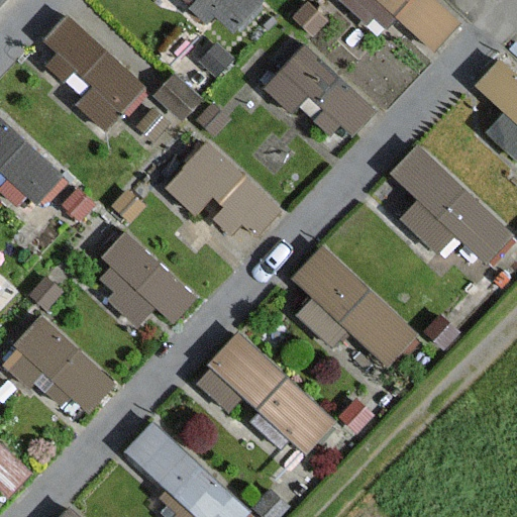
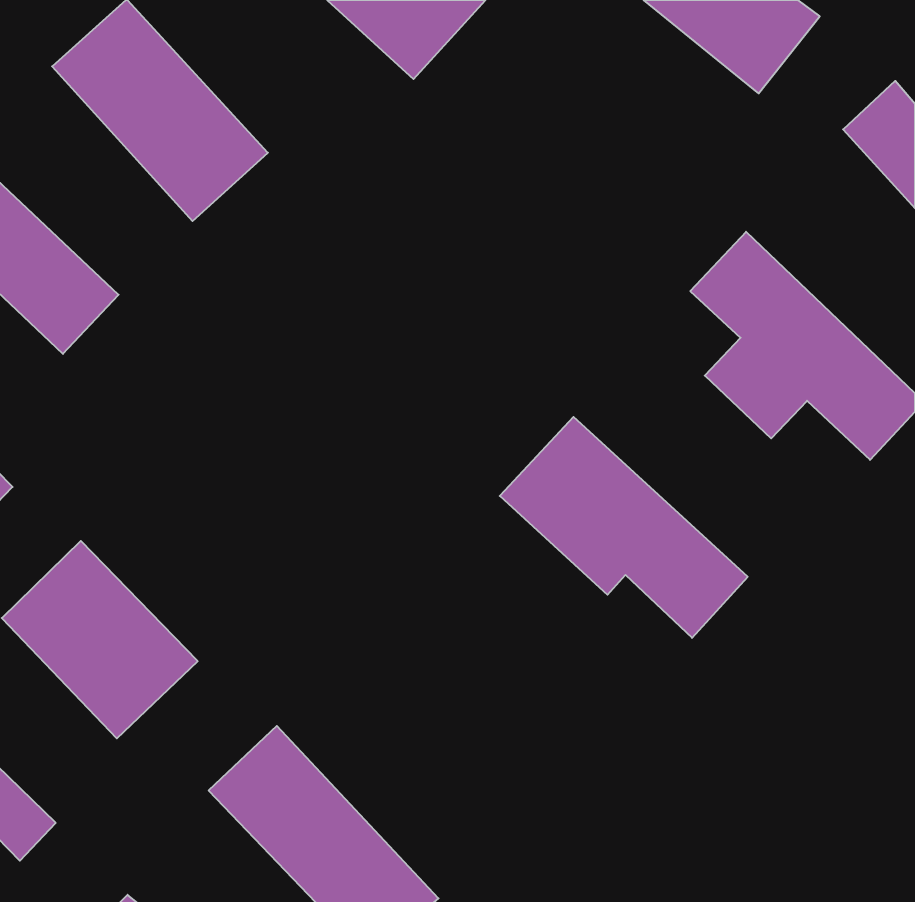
building: [264,42,377,150] -> none
building: [161,140,282,258] -> none
building: [95,236,198,336] -> none
building: [191,331,338,457] -> none

